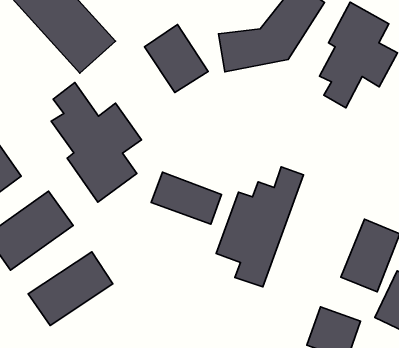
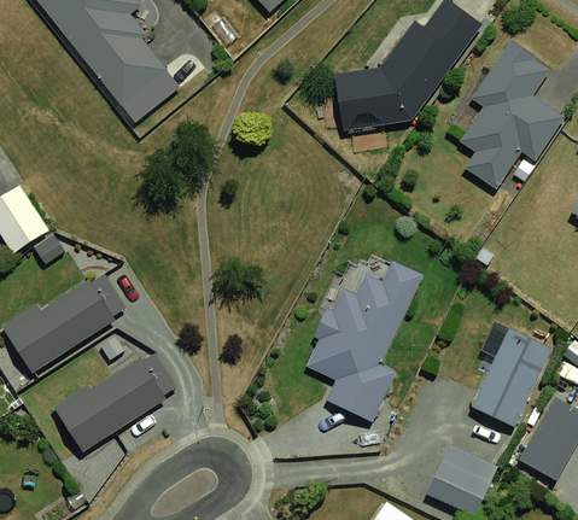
building: [144,24,208,93] -> none
building: [51,83,142,202] -> none
building: [151,172,222,224] -> none

